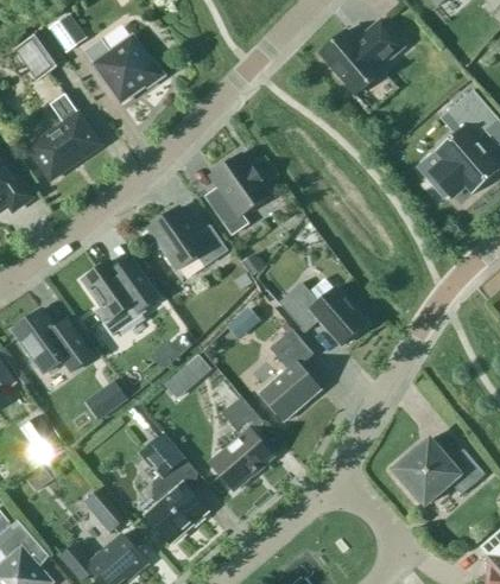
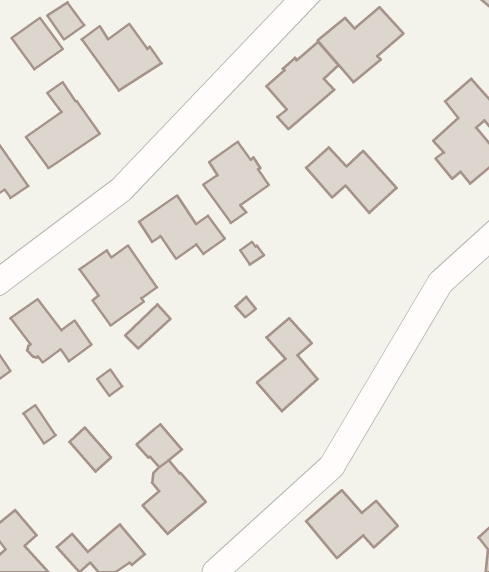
building: none -> [266,42,338,129]
building: [277,283,367,348] -> [306,147,397,213]
building: [164,355,209,399] -> [125,304,170,348]
building: [213,396,272,490] -> none
building: [392,438,483,506] -> [306,490,398,558]
building: [83,489,125,533] -> [69,428,111,472]

